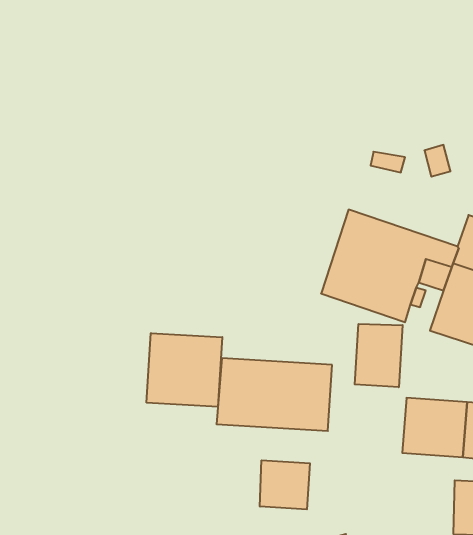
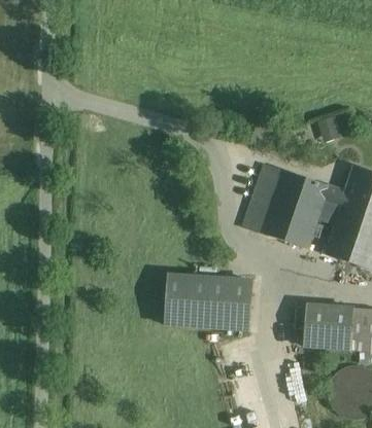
building: [355,324,403,387] -> none
building: [147,333,222,407] -> none
building: [260,460,310,509] -> none

